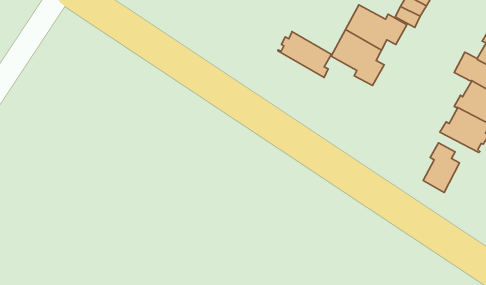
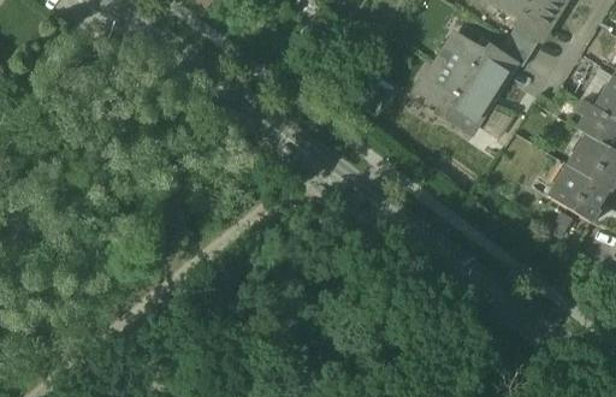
building: [278,32,332,78] -> none
building: [423,143,460,192] -> none

